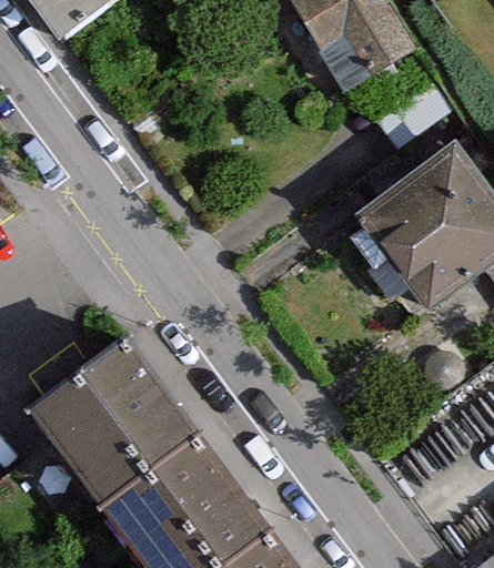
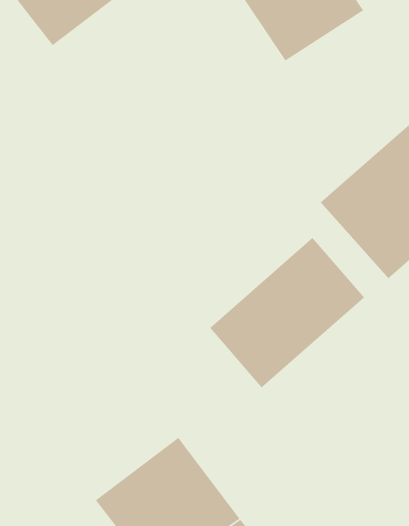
building: none -> [209,237,365,389]
building: [49,364,198,511] -> none

